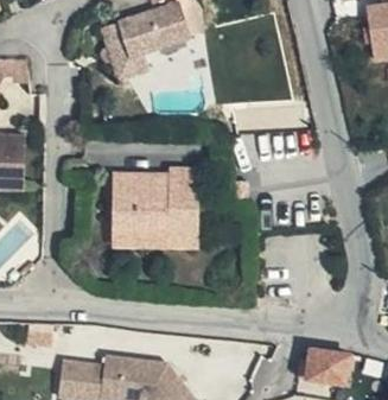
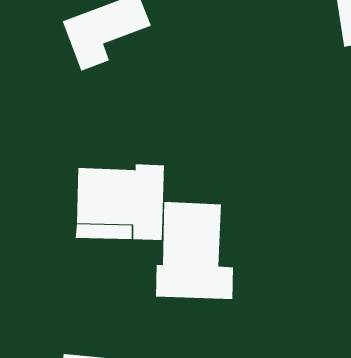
building: none -> [155,201,234,300]

